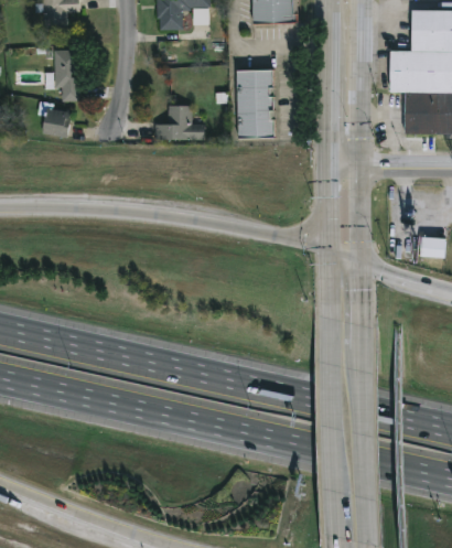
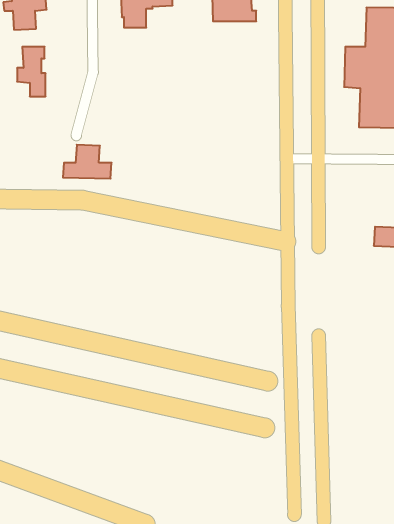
building: [236,68,275,138] -> none
building: [37,100,72,138] -> none
building: [154,105,205,140] -> [63,145,112,179]

